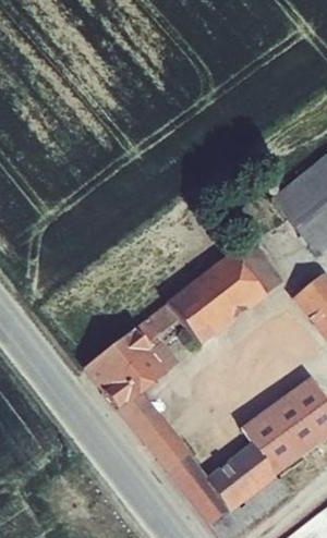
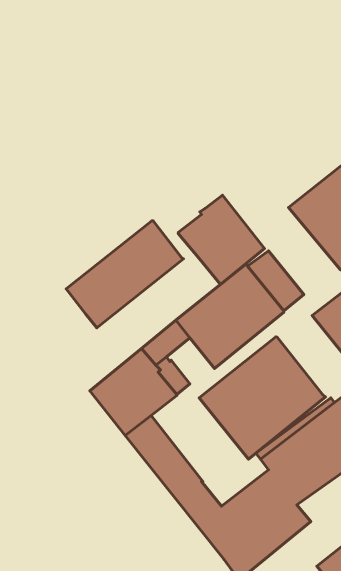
building: none -> [178,195,265,284]
building: none -> [66,221,183,328]
building: none -> [199,337,325,459]

